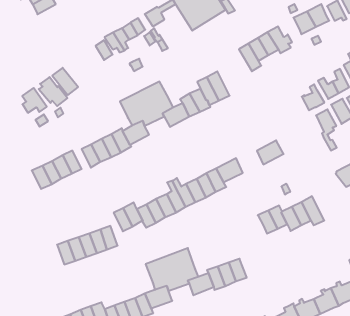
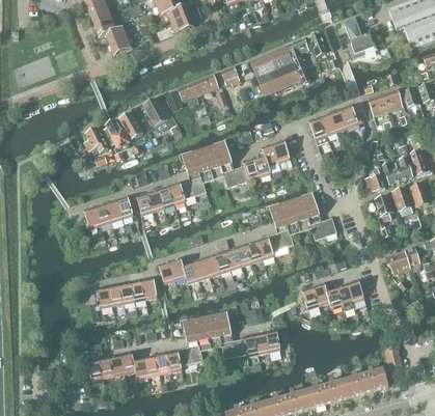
building: none -> [143,98,175,126]
building: none -> [269,192,317,220]

